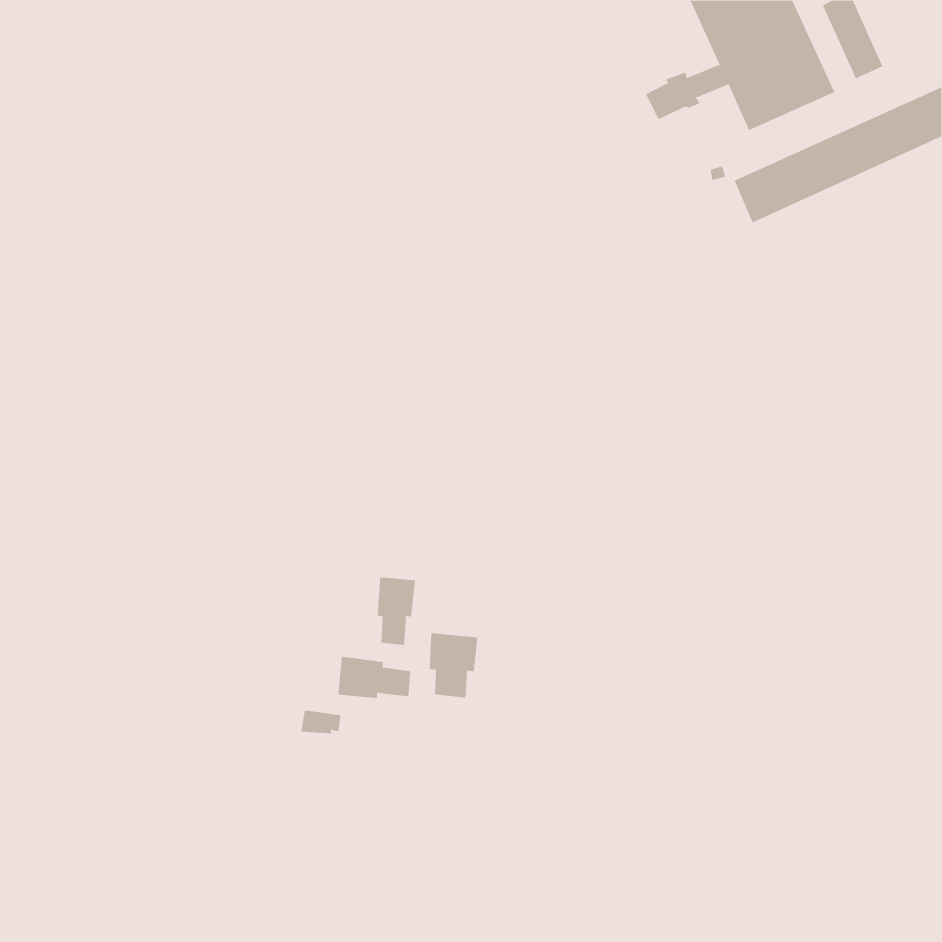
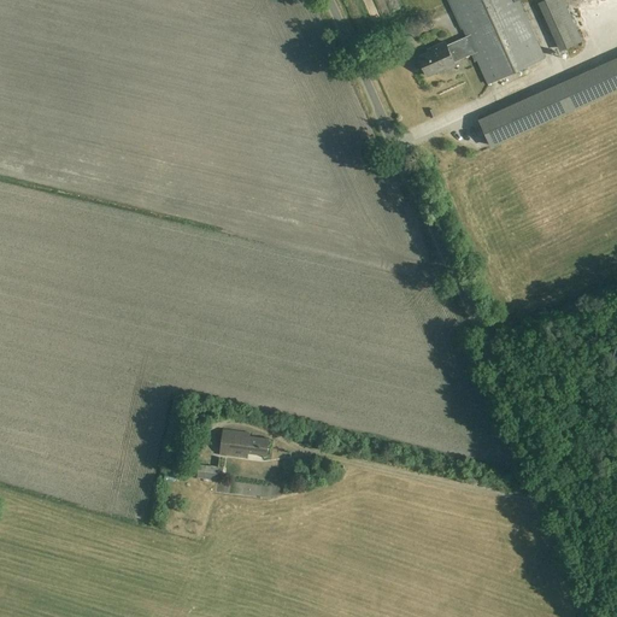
building: [377,576,415,646] -> none
building: [429,632,478,698] -> none

